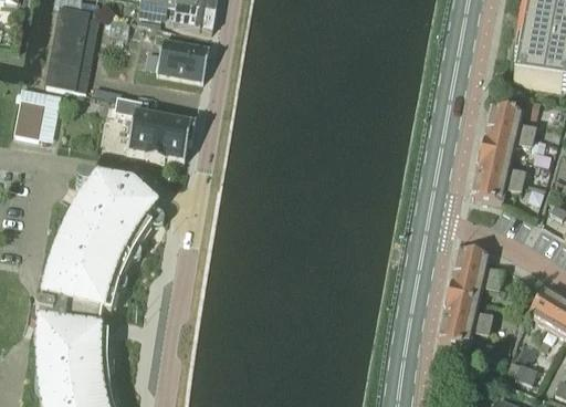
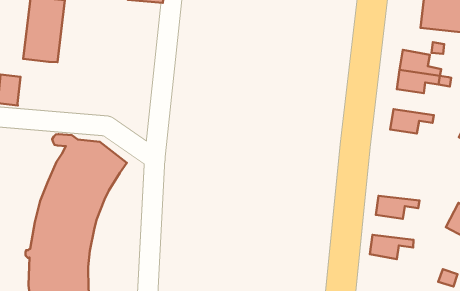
building: [157,36,209,81] -> none
building: [116,97,197,160] -> none
building: [475,148,524,181] -> none
building: [451,248,500,280] -> none
building: [441,293,491,325] -> none

